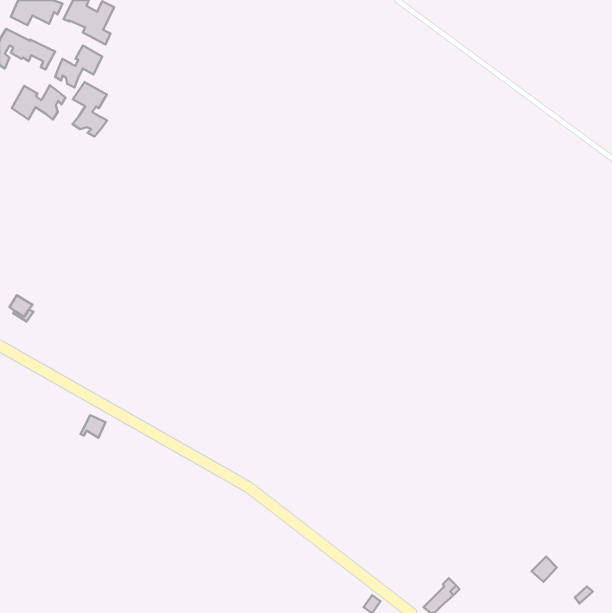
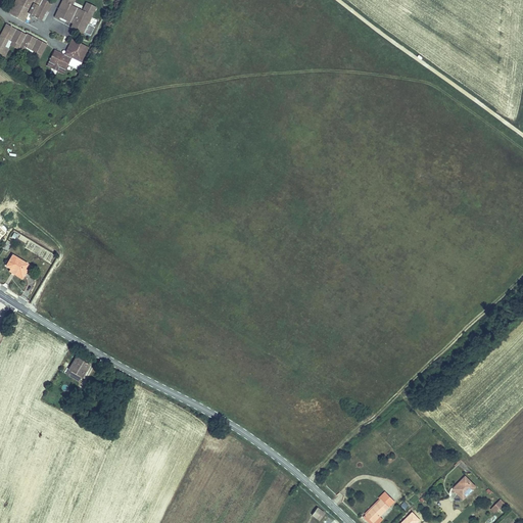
building: [72,82,107,137] -> none
building: [12,85,65,120] -> none

